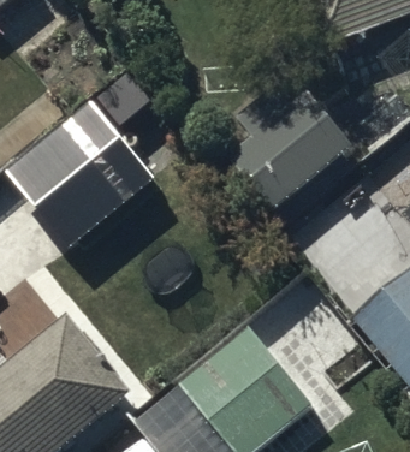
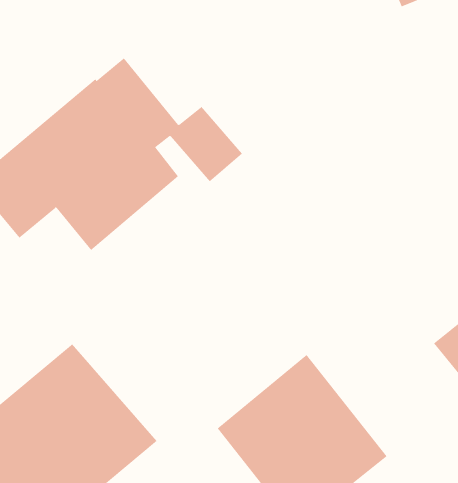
building: [225,87,351,213] -> none

